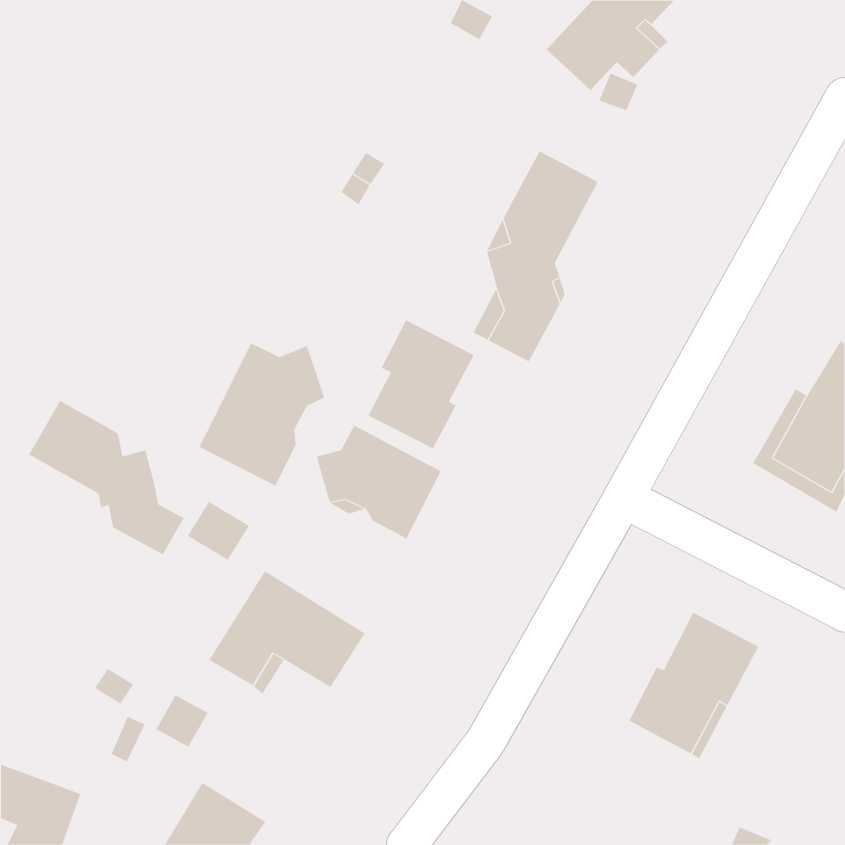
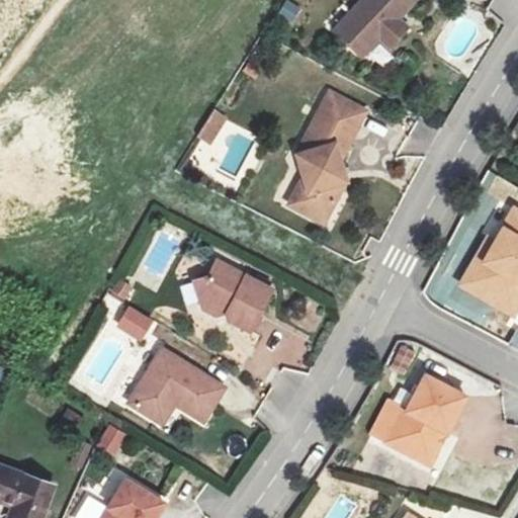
building: [368,320,474,449] -> none
building: [199,342,325,486] -> none
building: [29,400,185,555] -> none

